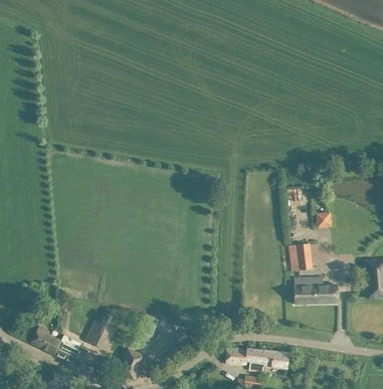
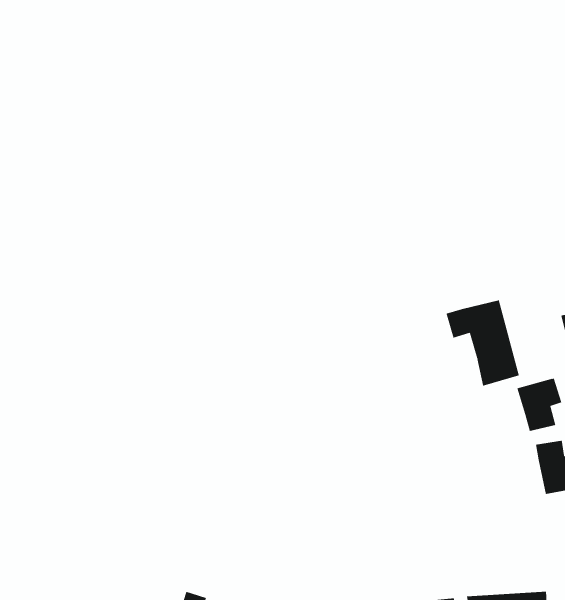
building: none -> [446,299,519,387]

